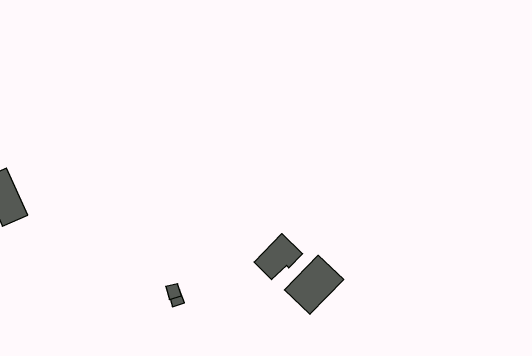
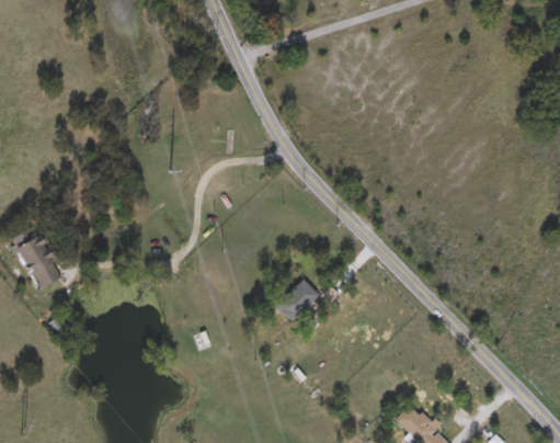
building: [284,255,344,314] -> none

